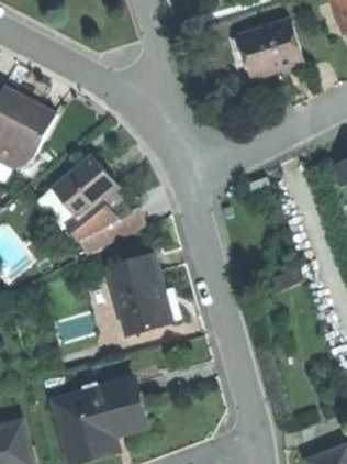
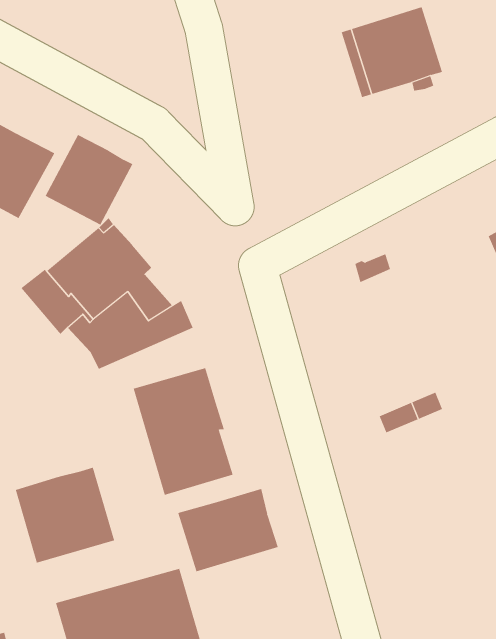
building: none -> [45,134,133,226]
building: none -> [15,467,115,563]
building: none -> [178,488,279,572]

